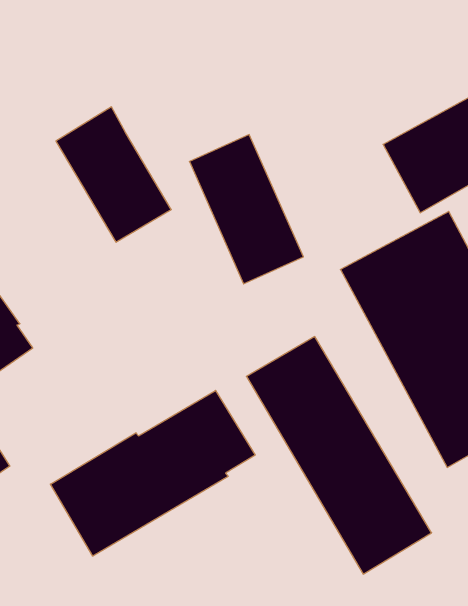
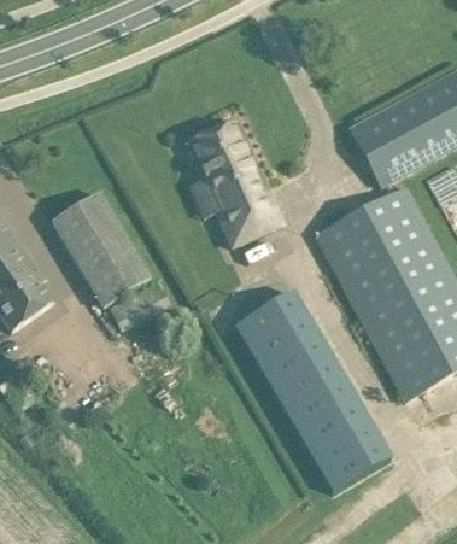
building: [56,107,171,242] -> [52,191,150,305]
building: [50,390,255,556] -> none

